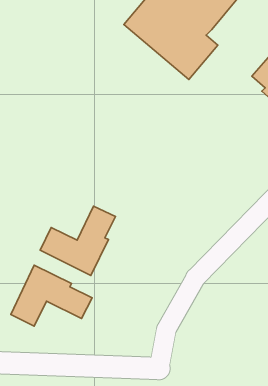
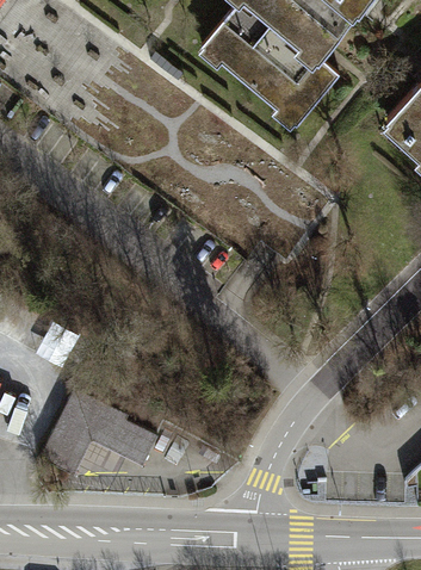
building: [40,206,116,275] -> none

